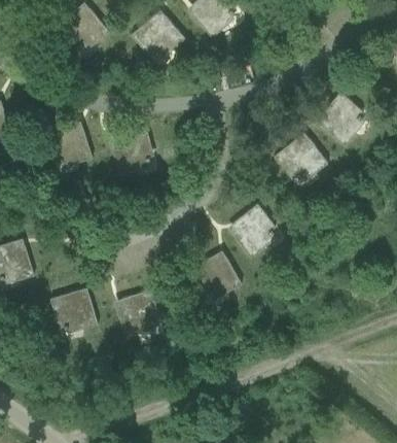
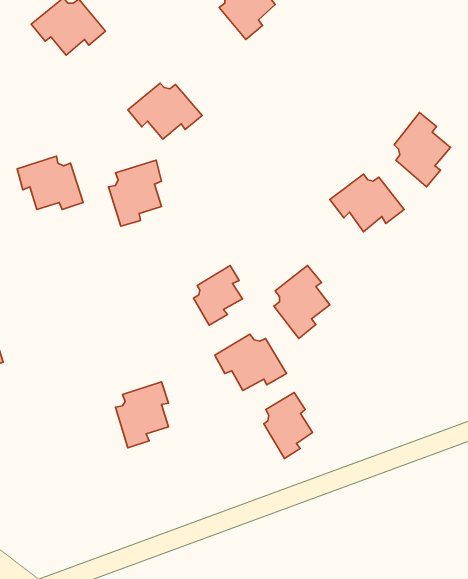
building: [132,16,186,58] -> [128,83,202,139]
building: none -> [193,265,243,325]
building: [51,292,99,331] -> none
building: none -> [264,392,312,458]

